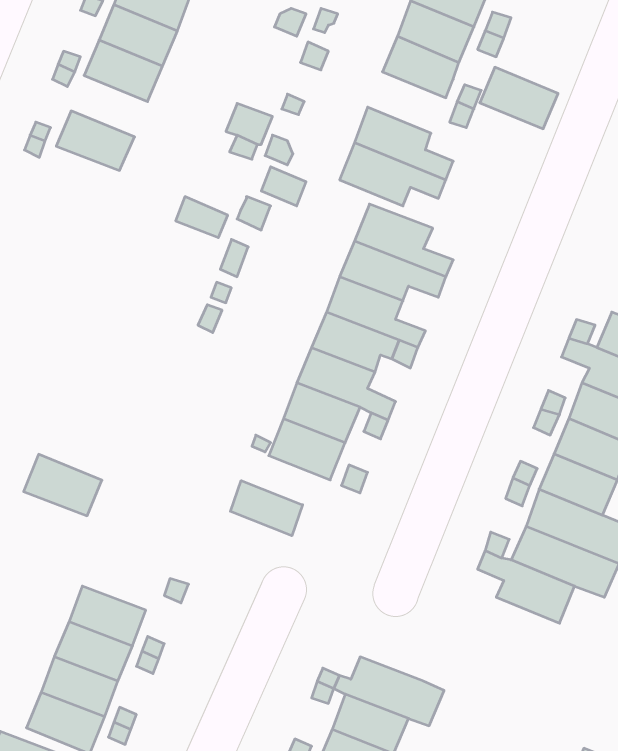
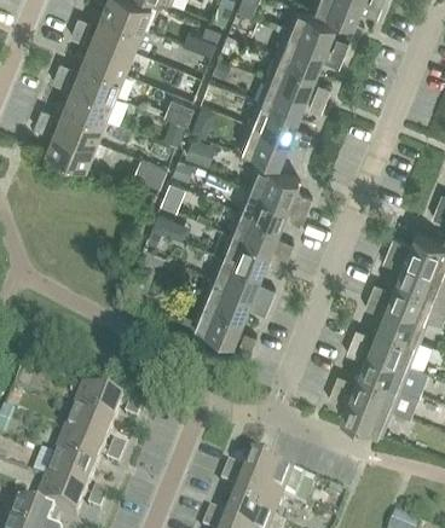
building: [480,67,558,129] -> [256,79,307,118]
building: none -> [64,81,114,121]
building: none -> [45,127,96,167]
building: [24,454,102,516] -> [71,388,122,428]
building: [230,481,303,536] -> none

